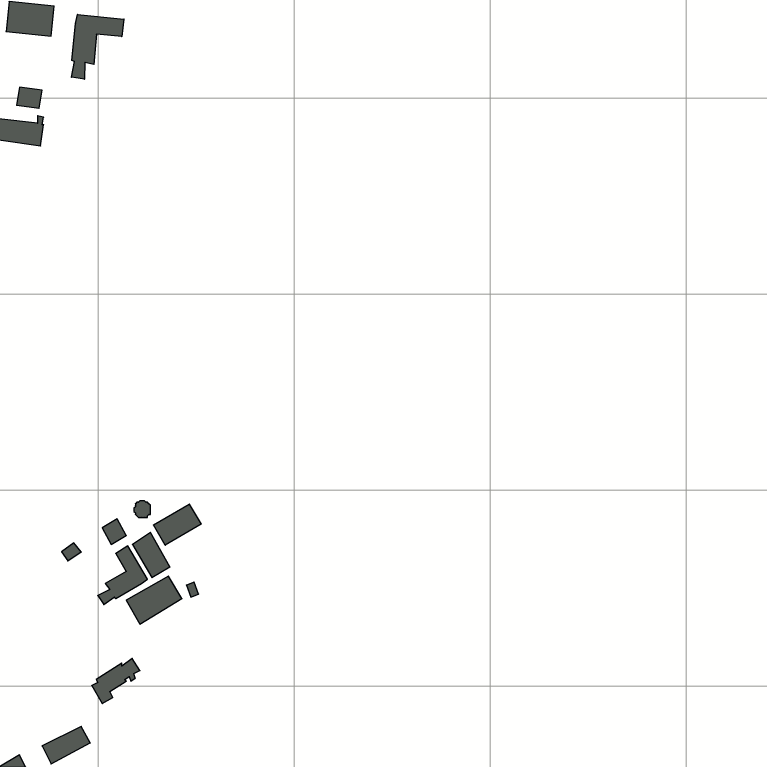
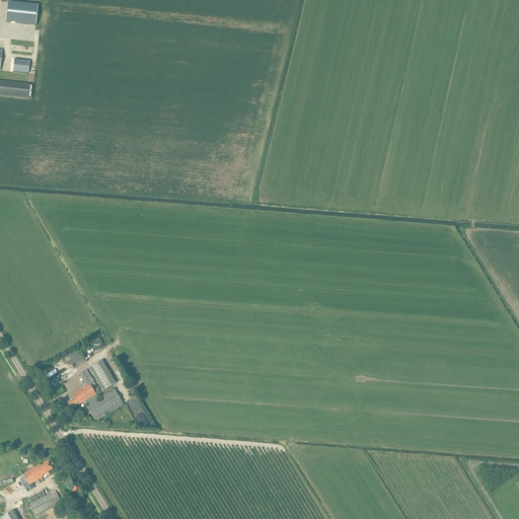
building: [71,14,124,79] -> none
building: [153,504,201,545] -> none
building: [92,658,140,704] -> [19,460,52,491]

